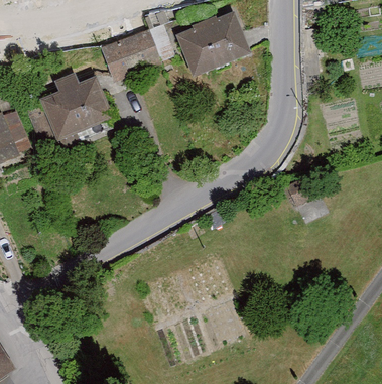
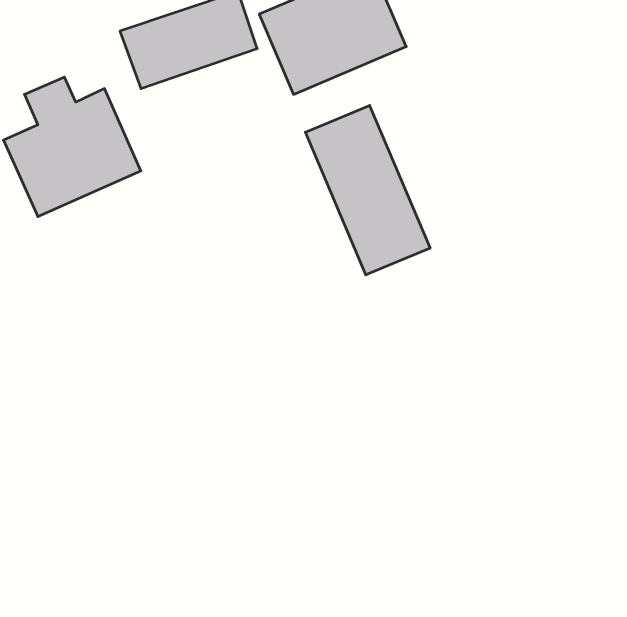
building: none -> [305,105,430,275]

